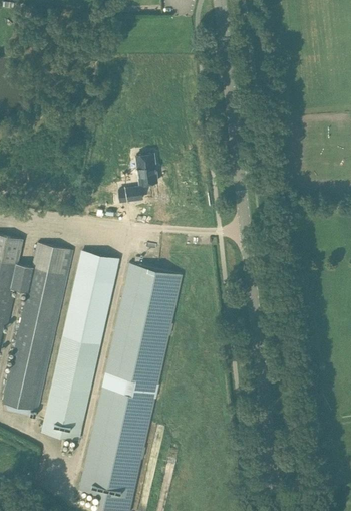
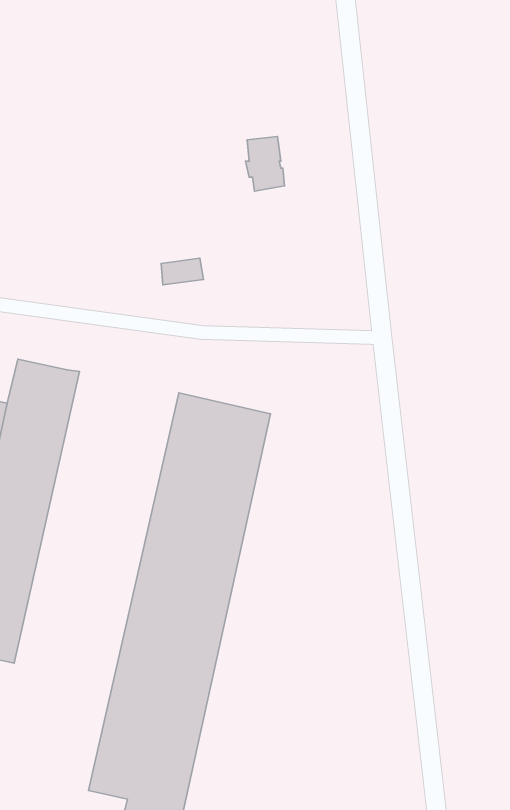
building: [135,154,157,185] -> [246,136,284,191]
building: [42,251,119,441] -> none

